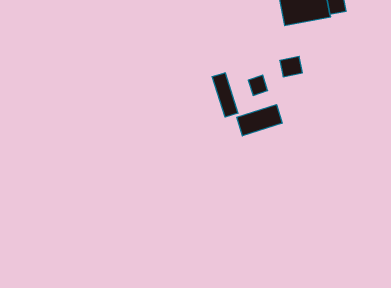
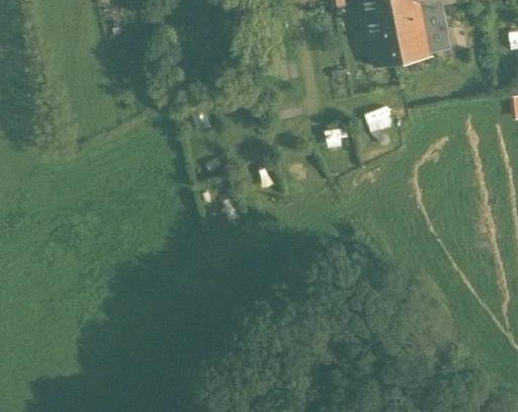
building: [212,73,238,117] -> none
building: [237,105,282,136] -> none

